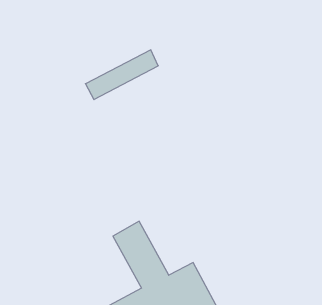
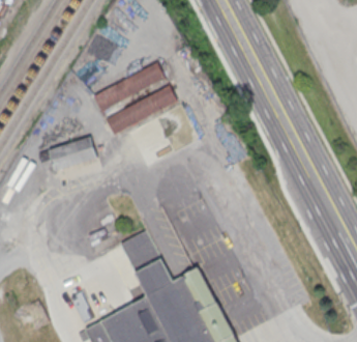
building: none -> [103,85,176,136]
building: none -> [47,139,95,173]

